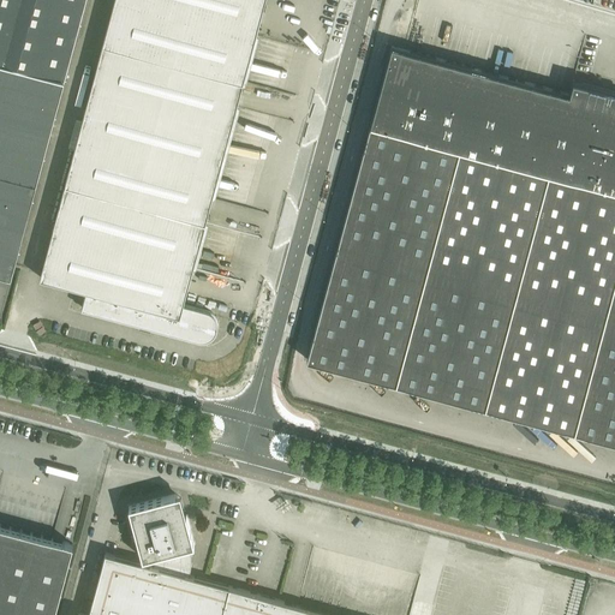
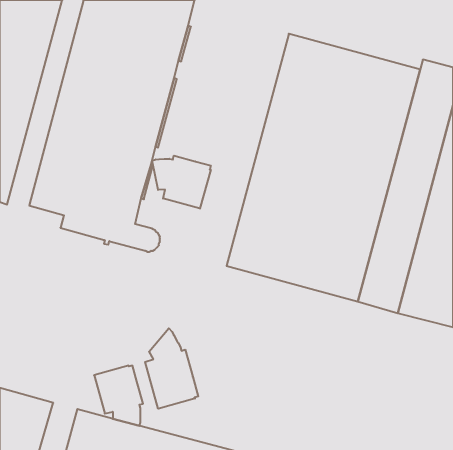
building: none -> [152,156,211,209]
building: none -> [145,328,198,409]

